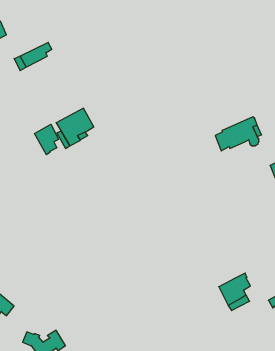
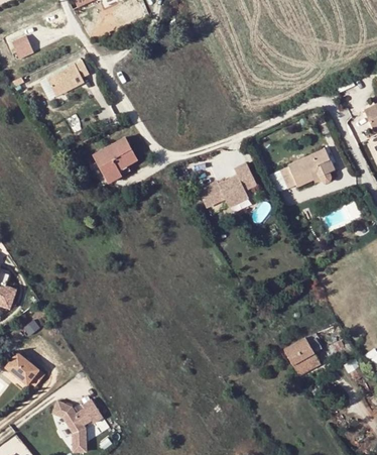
building: [35,124,58,155] -> none
building: none -> [198,162,257,208]

